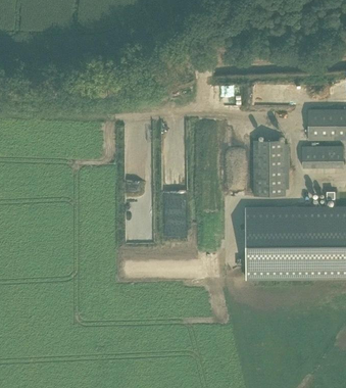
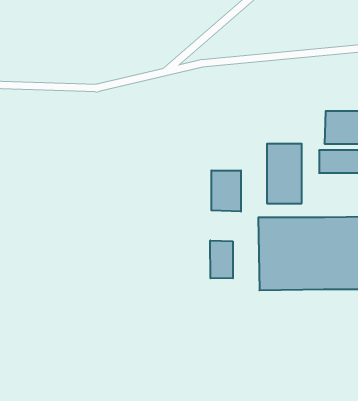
building: none -> [211,170,241,212]
building: none -> [210,240,233,278]

